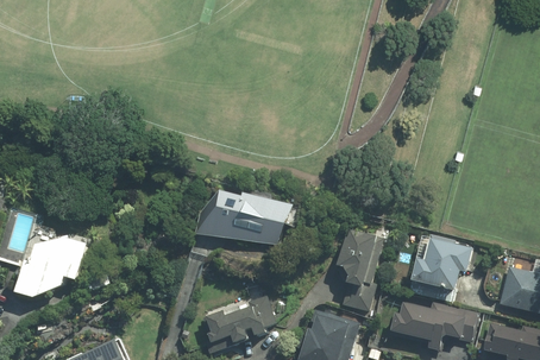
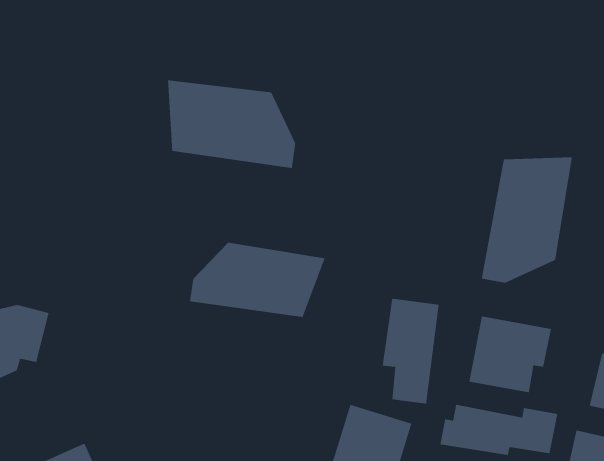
building: none -> [167,79,296,169]
building: none -> [481,156,572,284]
building: [205,299,278,342] -> none

